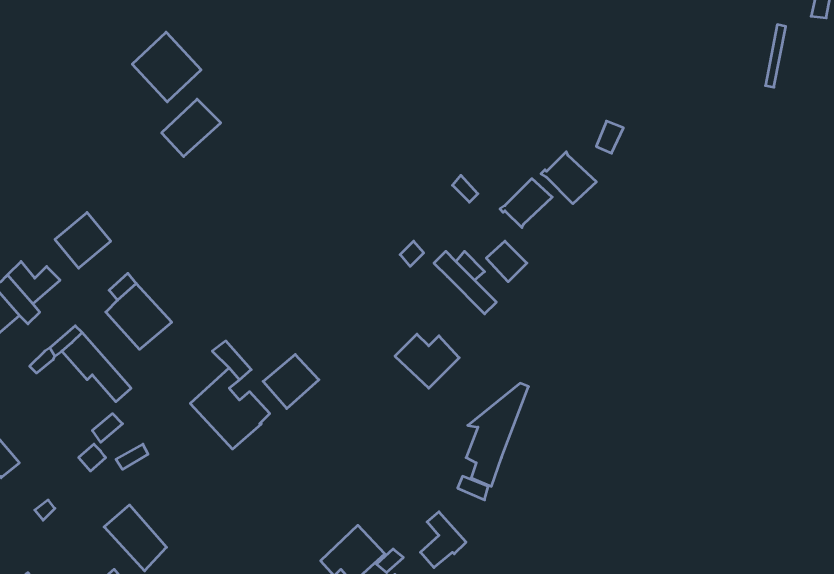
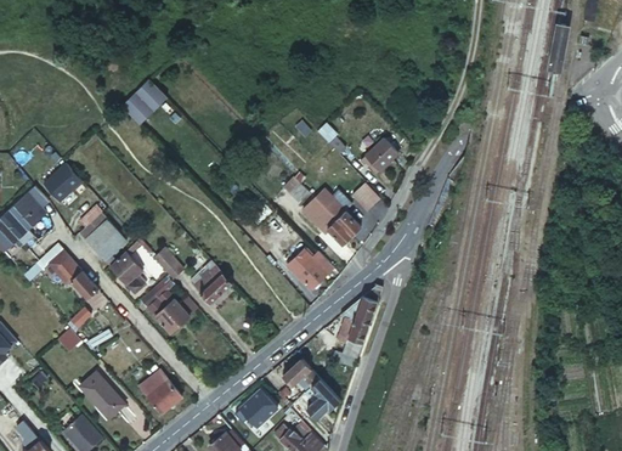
building: [132,32,201,102] -> none
building: [541,152,596,204] -> none
building: none -> [302,199,351,244]
building: none -> [108,252,142,294]
building: none -> [282,357,318,388]
building: none -> [138,370,181,413]

